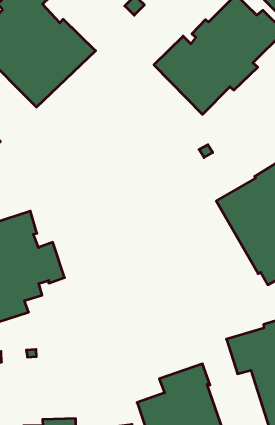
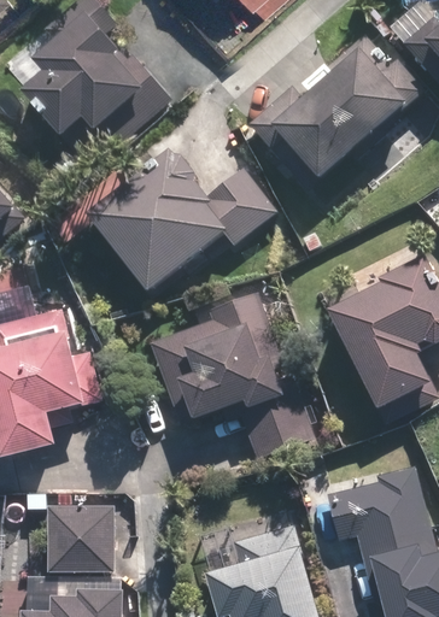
building: none -> [81,148,277,293]
building: none -> [148,293,315,458]
building: none -> [46,506,113,572]

